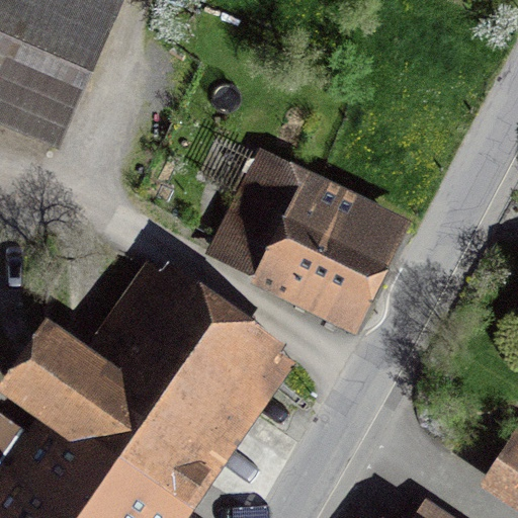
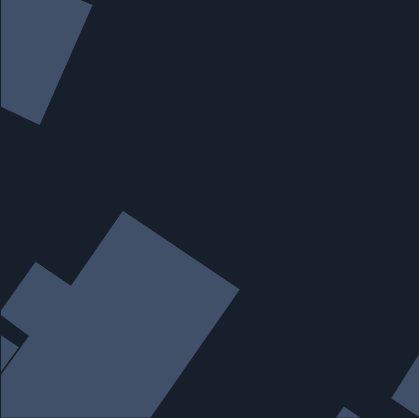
building: [204,147,411,334] -> none

